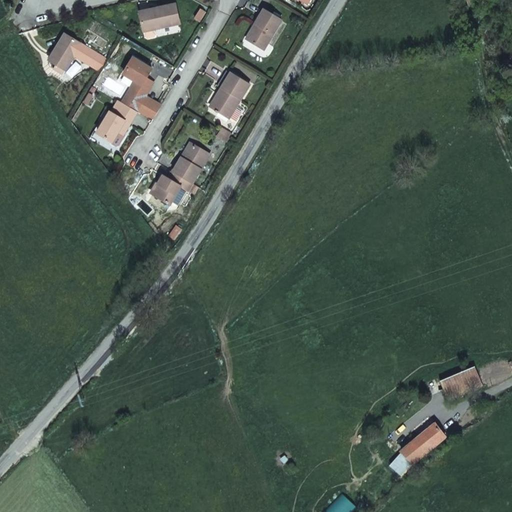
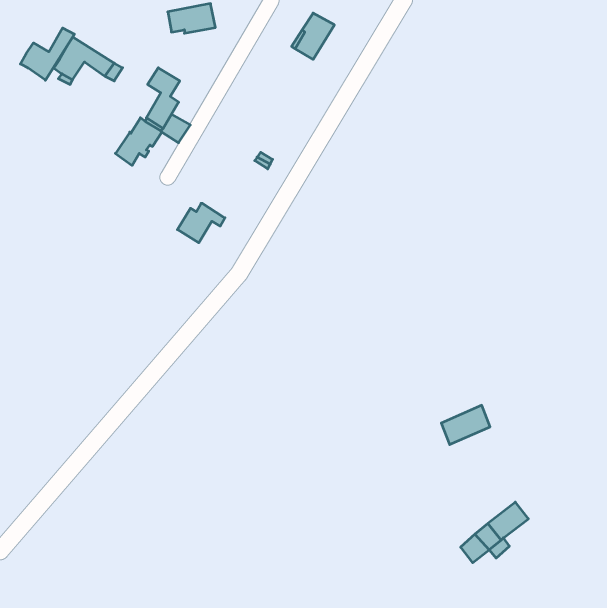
building: none -> [20,28,74,80]
building: [211,72,249,118] -> none
building: [171,143,206,182] -> none
building: [439,366,480,399] -> [441,405,490,445]

